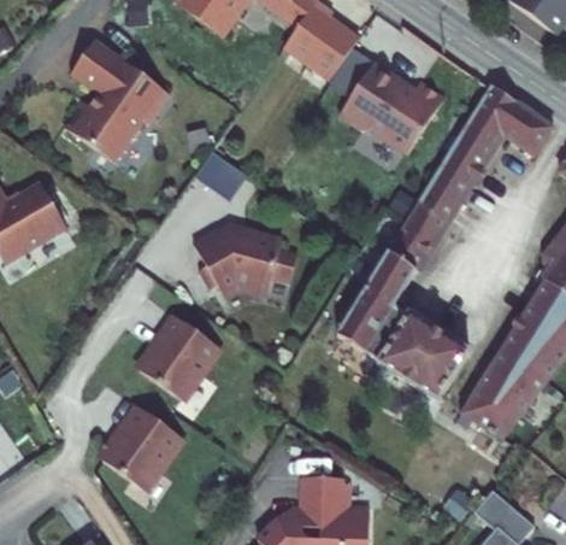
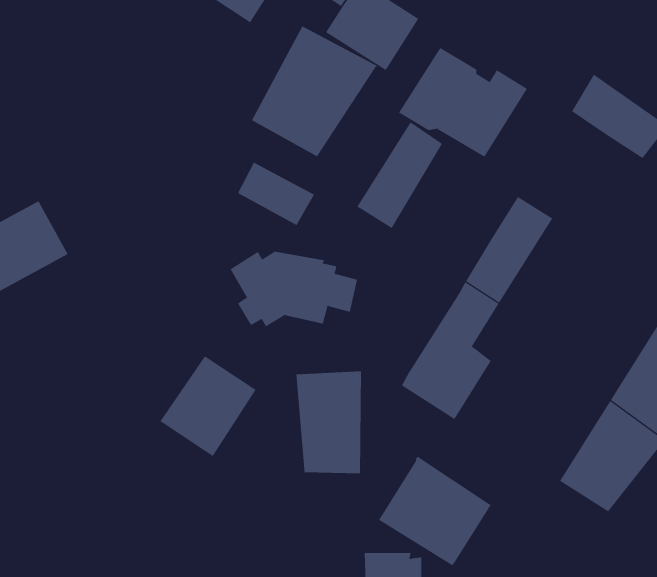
building: none -> [251,26,379,157]
building: [55,49,160,171] -> none
building: [429,115,499,201] -> [356,122,443,229]
building: [378,312,470,402] -> [378,456,492,566]
building: none -> [296,370,361,474]
building: [105,404,184,485] -> none

